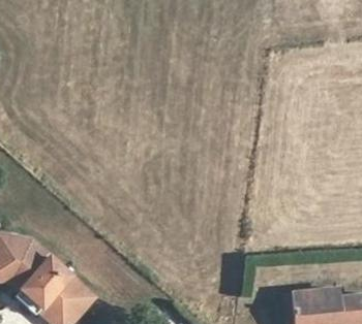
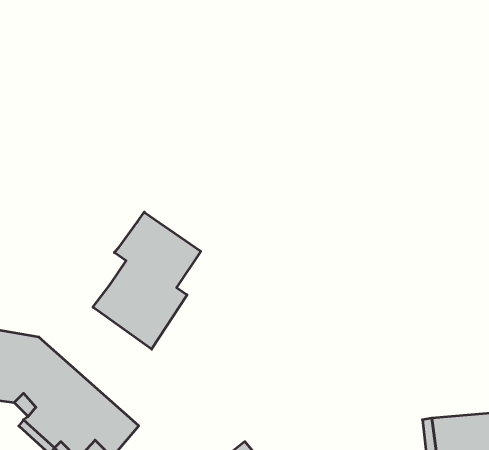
building: none -> [93,212,201,349]

